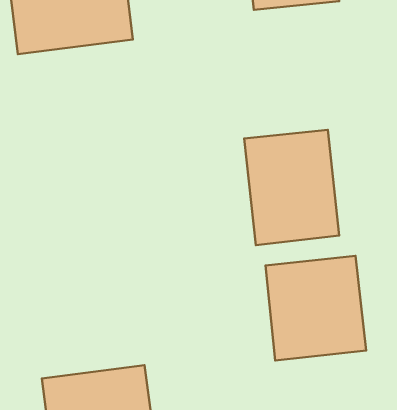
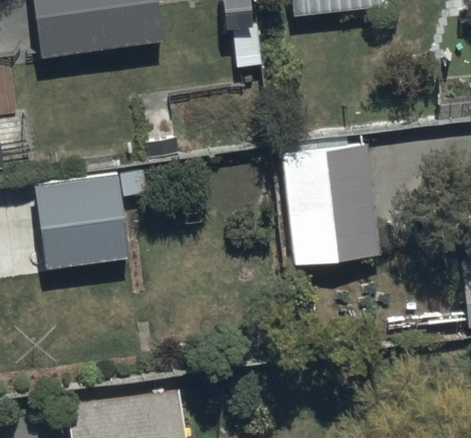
building: none -> [38,169,153,266]
building: [265,256,366,360] -> none

